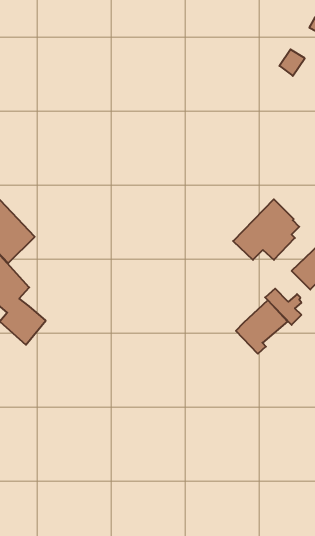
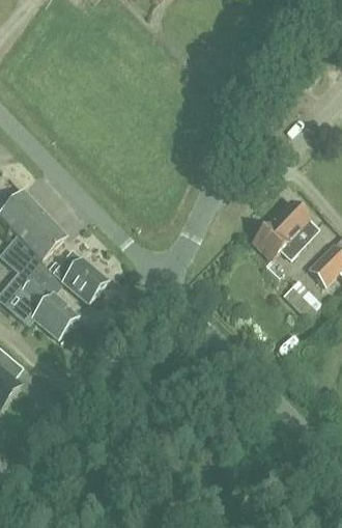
building: none -> [52,249,107,302]
building: [236,300,287,354] -> none

